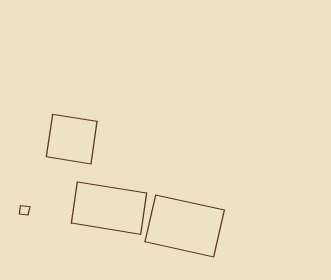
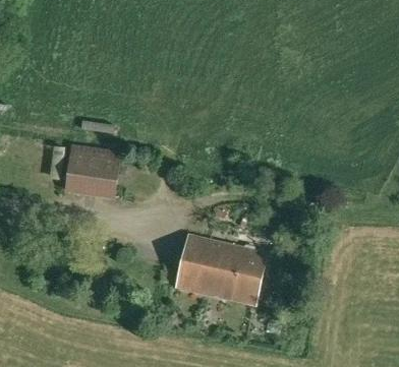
building: [71,182,147,234] -> none

